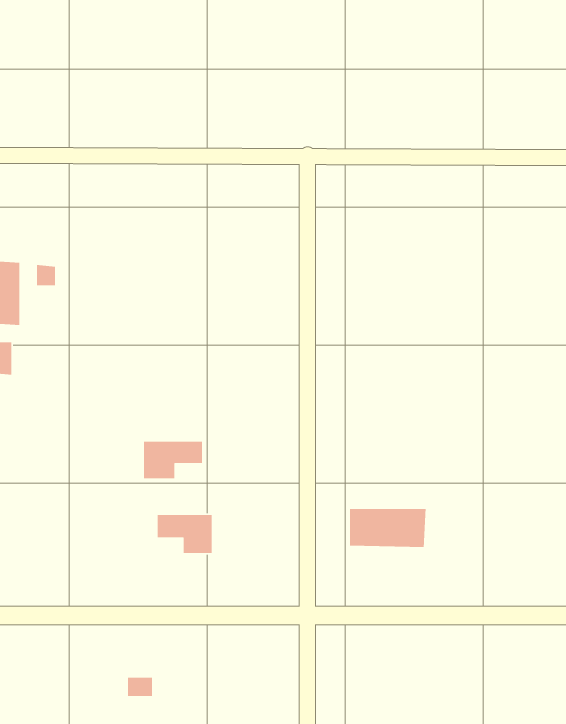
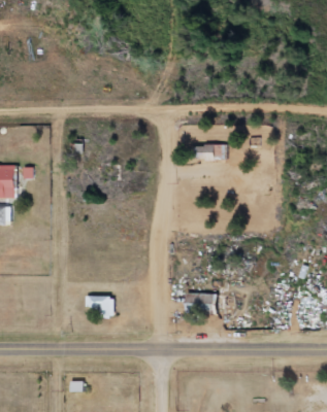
building: none -> [191,144,228,160]
building: [143,441,203,479] -> none

